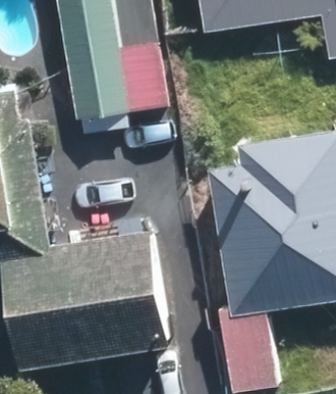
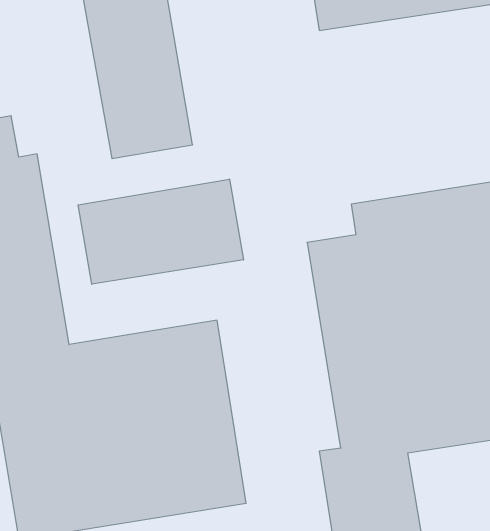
building: none -> [78,179,243,284]

